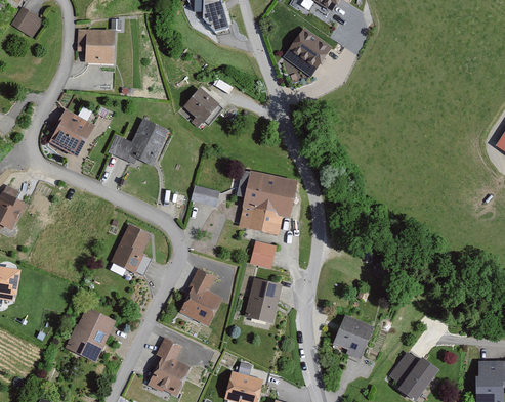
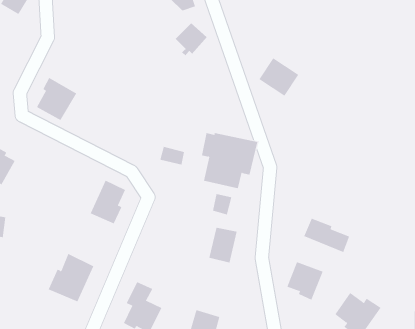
building: [76,29,119,64] -> none
building: [287,29,333,73] -> [258,58,299,97]
building: [182,89,219,127] -> [175,23,208,56]
building: [104,118,169,165] -> none
building: none -> [304,218,350,253]
building: [180,268,223,327] -> none

